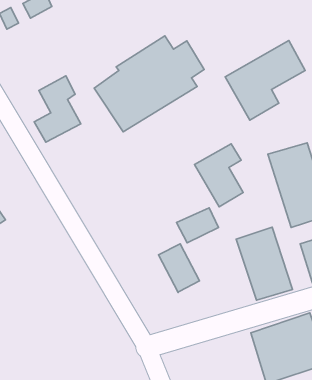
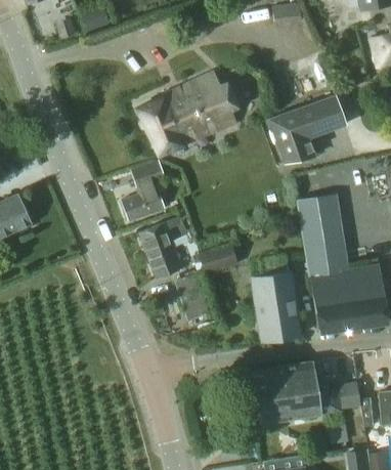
building: [34,76,81,142] -> [120,159,165,220]
building: [195,144,243,207] -> [138,217,184,276]

